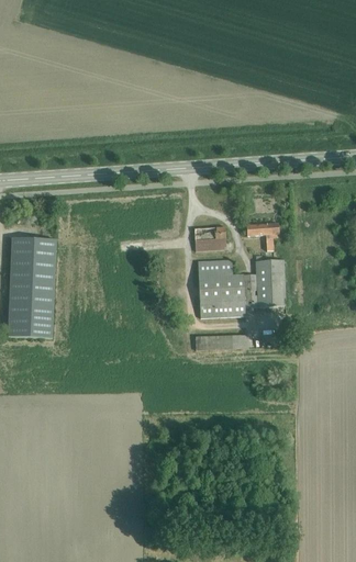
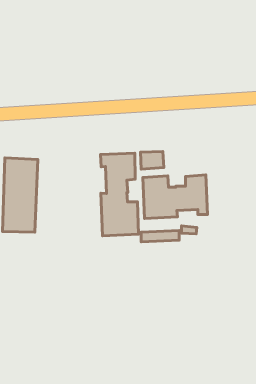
building: [246,222,279,250] -> none
building: none -> [100,153,138,236]

